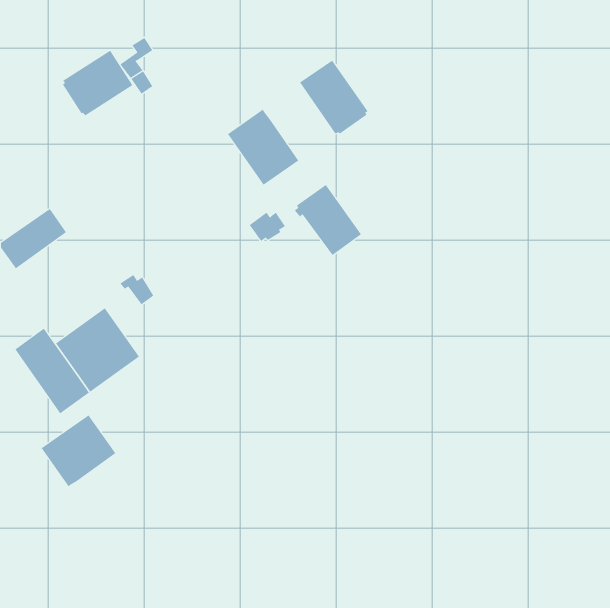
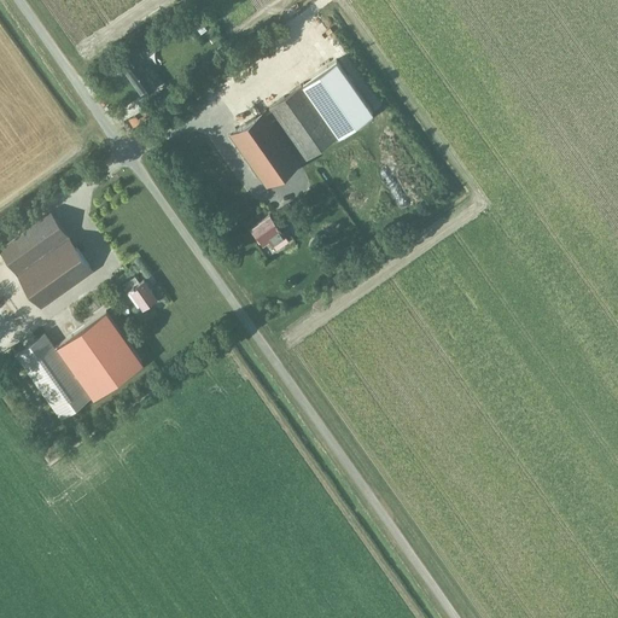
building: [62,50,133,116] -> none
building: [294,184,362,256] -> [268,89,337,162]
building: none -> [17,238,94,311]
building: [41,414,116,487] -> none

